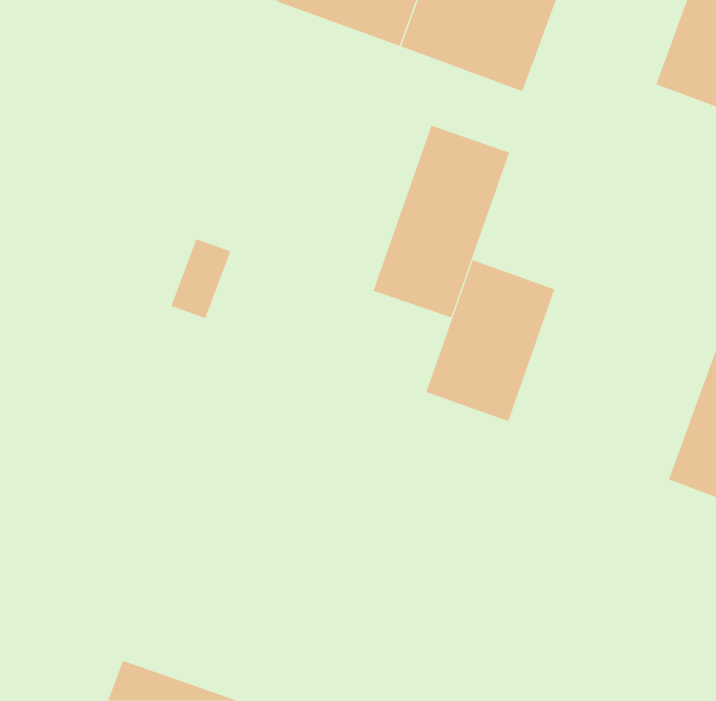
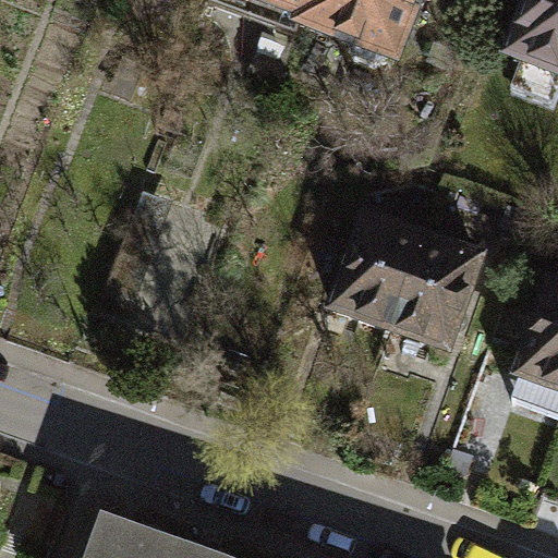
building: [373,125,510,318] -> none
building: none -> [397,223,495,349]

